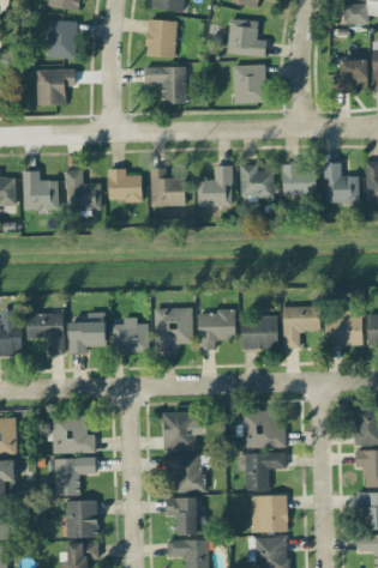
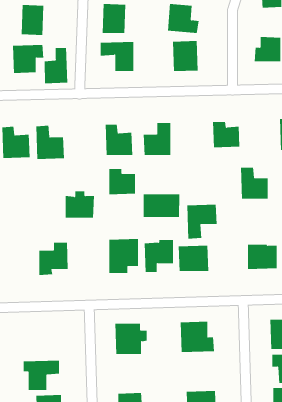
building: none -> [44,47,68,84]
building: [324,163,359,203] -> [240,167,268,199]
building: [239,164,274,198] -> none
building: [108,169,142,201] -> [109,169,136,195]
building: none -> [143,193,180,218]
building: [282,306,320,349] -> [186,204,218,239]
building: [26,313,64,355] -> none
building: [112,318,149,351] -> [65,191,95,218]
building: [52,416,95,453] -> none
building: [236,452,286,490] -> none
building: [164,455,210,491] -> none

